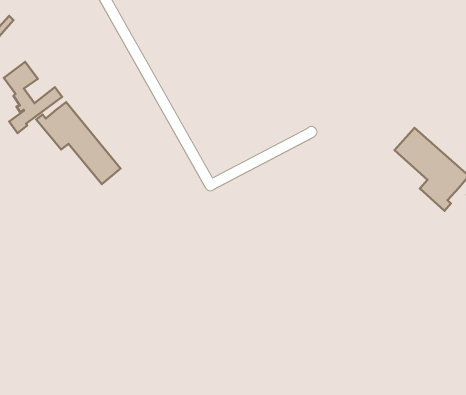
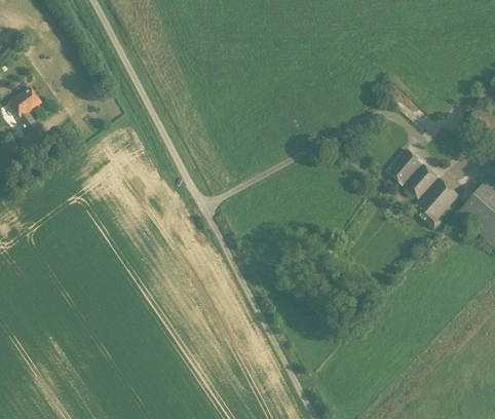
building: [36,102,120,184] -> none

